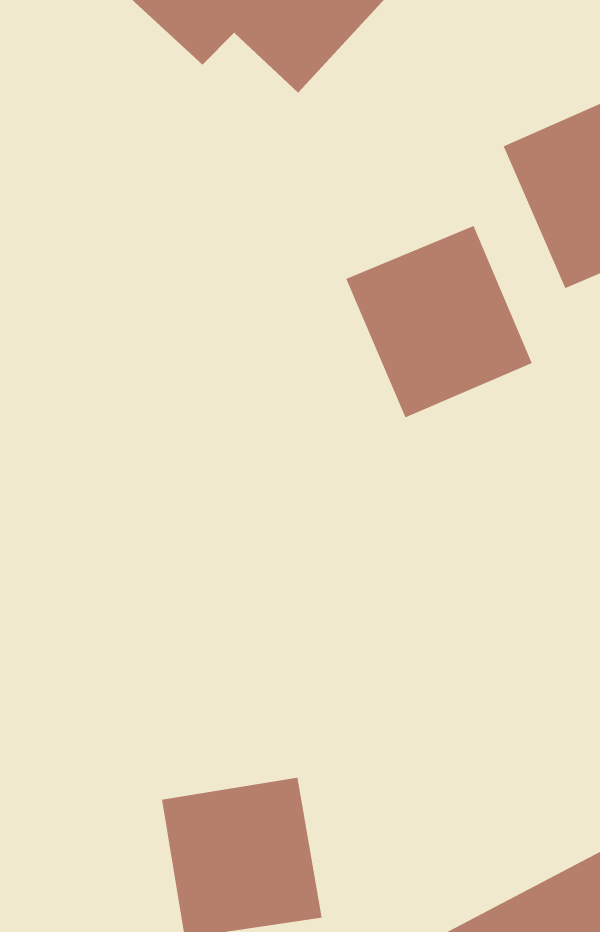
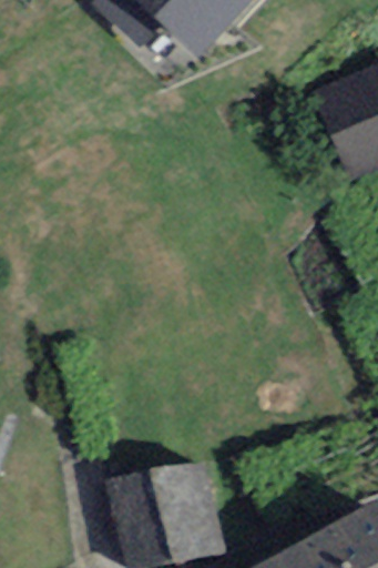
building: [345,225,532,418] -> none

